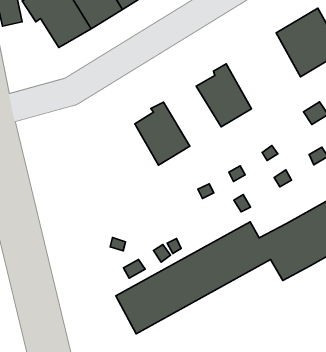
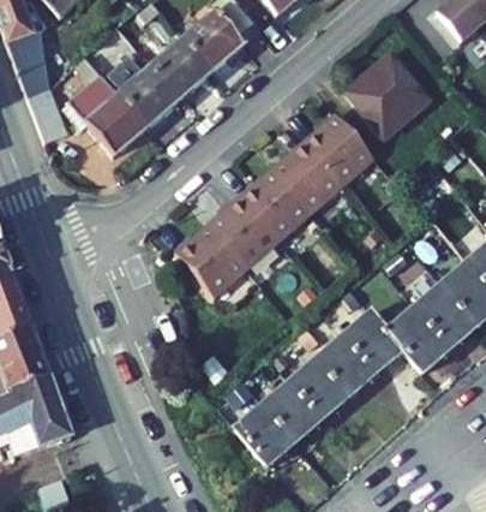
building: none -> [307,114,378,185]
building: none -> [242,169,313,239]
building: none -> [179,224,248,293]

